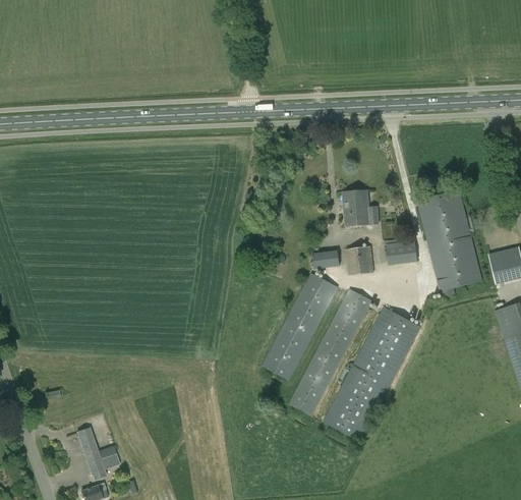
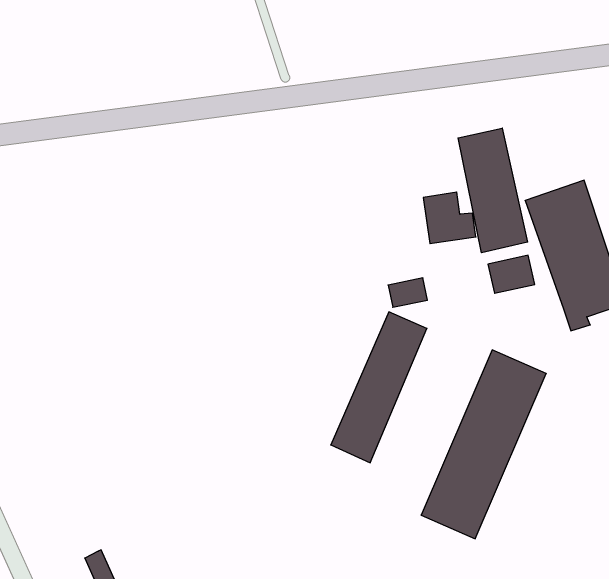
building: none -> [458,128,528,253]
building: [345,245,374,275] -> none
building: [289,288,372,415] -> none

